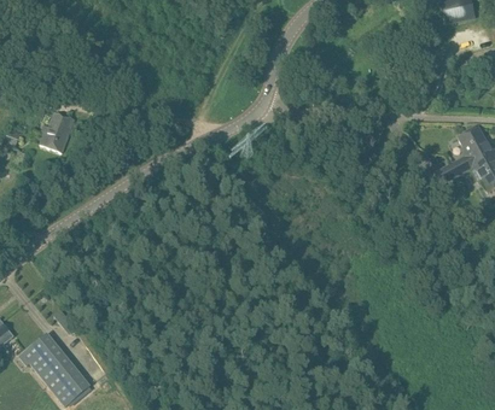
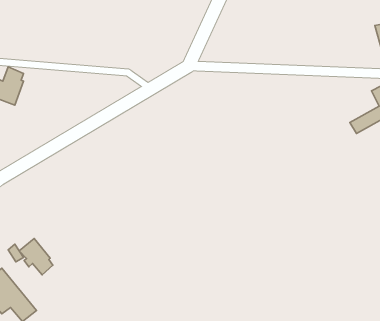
building: none -> [19,238,53,275]

